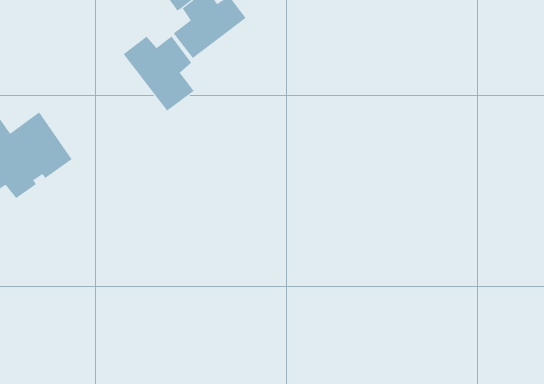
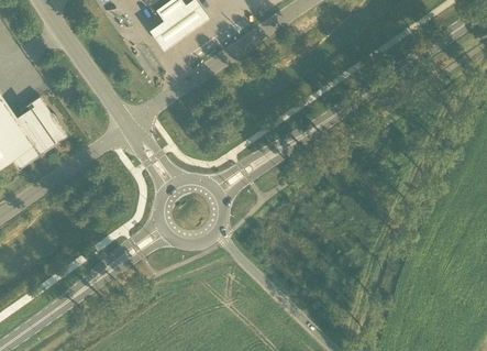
building: [123,35,194,111] -> none

